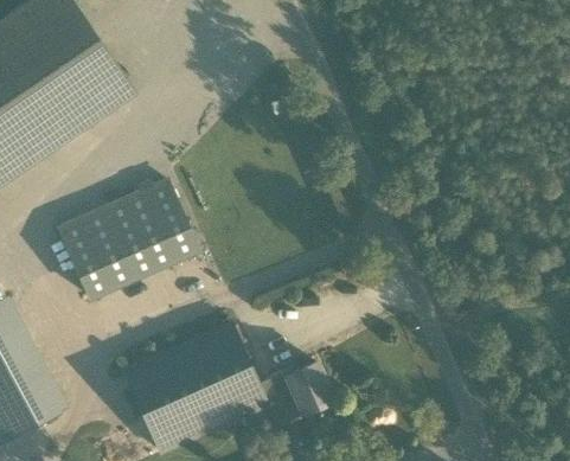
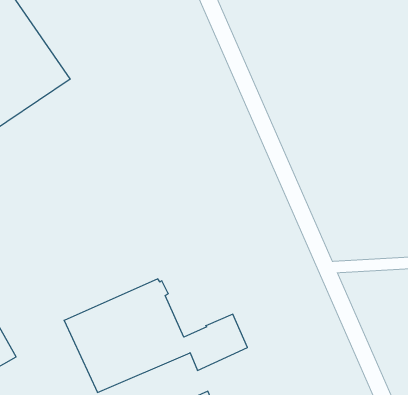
building: [58,184,199,303] -> none

